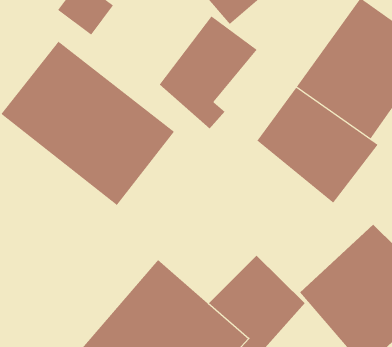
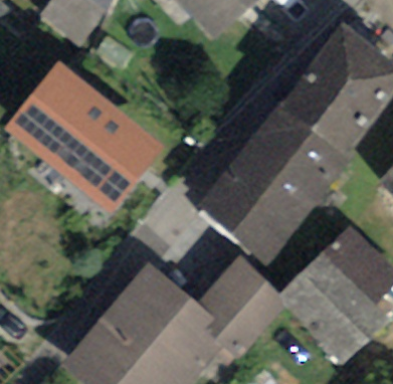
building: [159,16,258,129] -> none
building: none -> [197,151,314,264]

